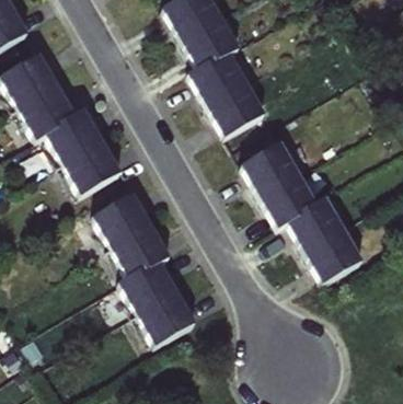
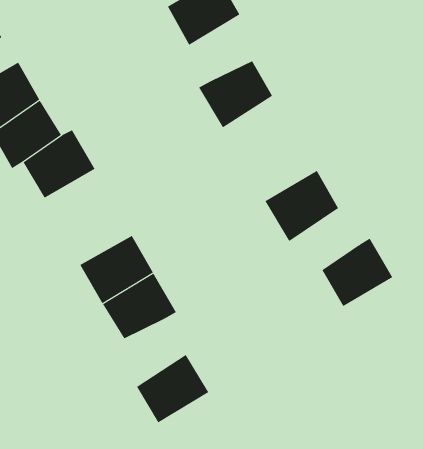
building: [179,14,239,68] -> none
building: [206,80,265,136] -> none
building: [61,139,120,194] -> none
building: [260,171,316,227] -> none
building: [303,227,362,281] -> none
building: [116,261,176,315] -> none

